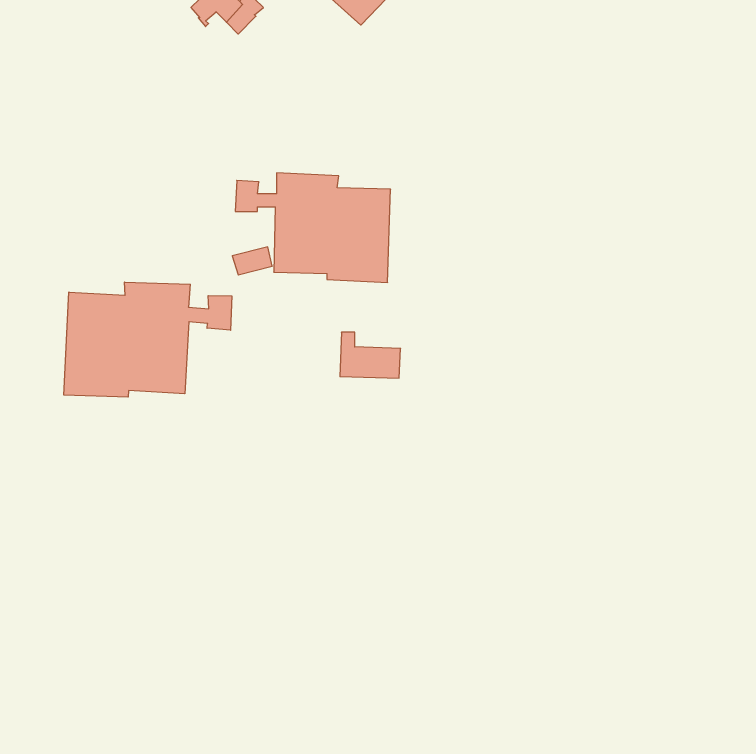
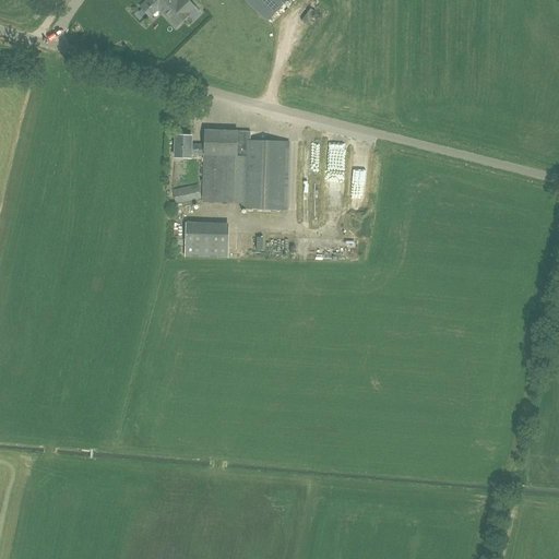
building: [64,282,232,397] -> none
building: [340,332,401,378] -> [183,222,228,255]

